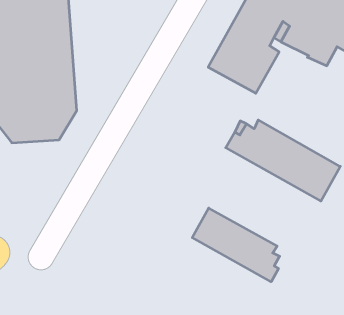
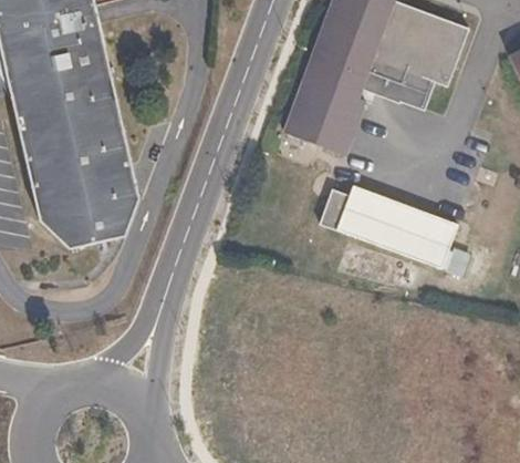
building: [192,208,280,282] -> none

